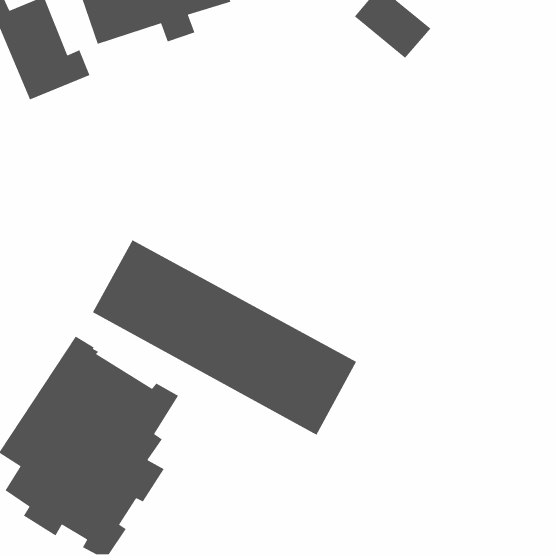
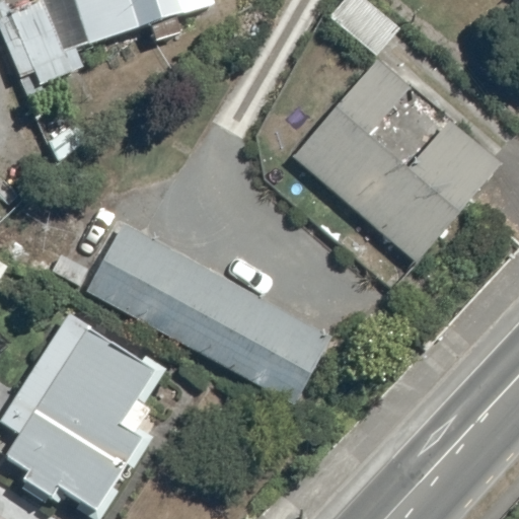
building: none -> [292,59,501,262]

